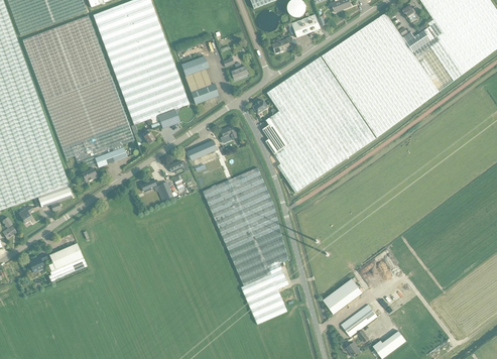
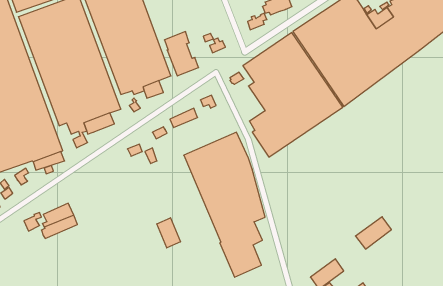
building: [262,114,291,152] -> none
building: none -> [157,218,180,248]
building: [323,277,362,313] -> [355,217,391,249]

